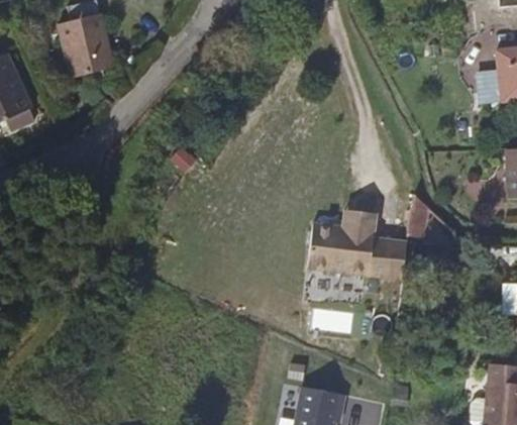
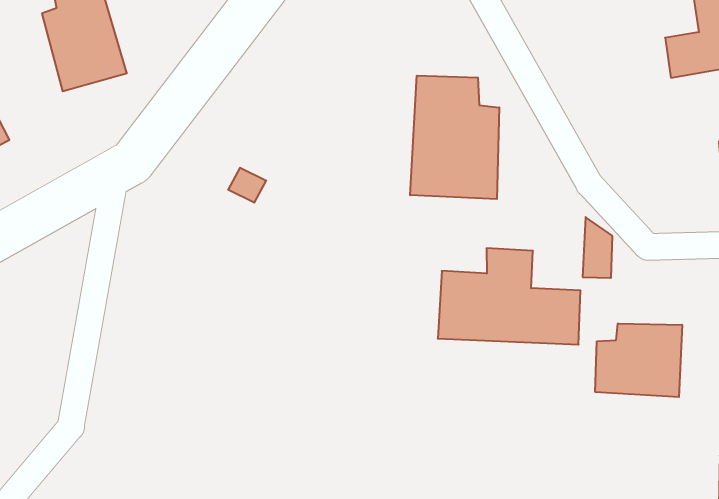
building: none -> [410,76,499,199]
building: none -> [595,323,682,397]

